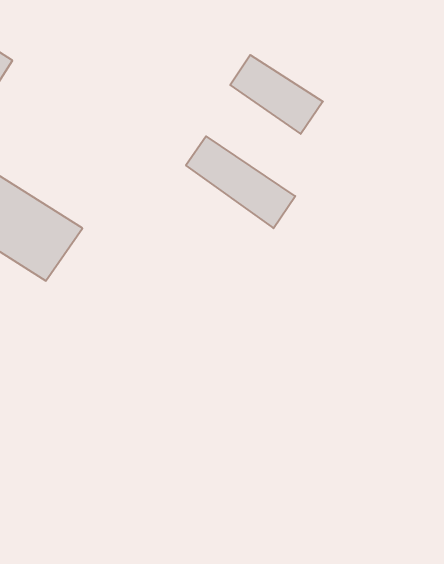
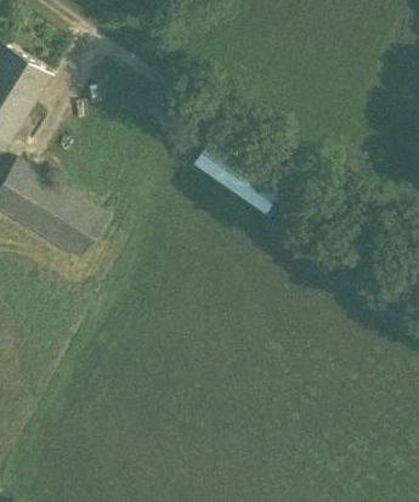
building: [230,55,323,134] -> none

